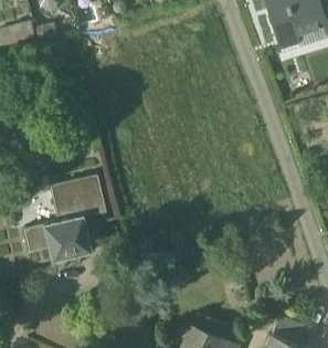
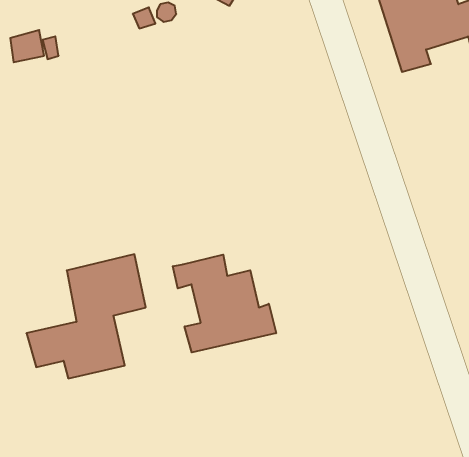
building: none -> [173,255,276,352]

